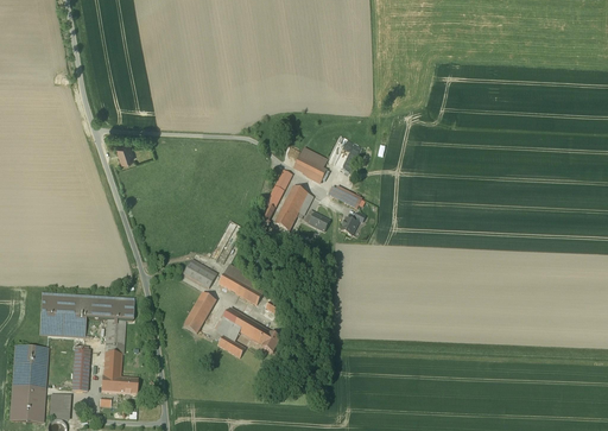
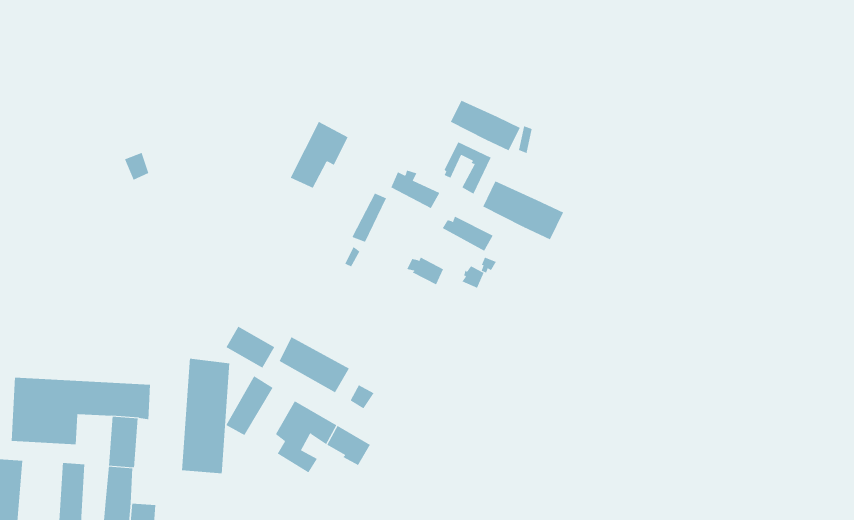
building: none -> [450,100,520,151]
building: none -> [482,181,564,240]
building: [273,185,312,230] -> [290,121,349,188]
building: none -> [182,358,230,474]

